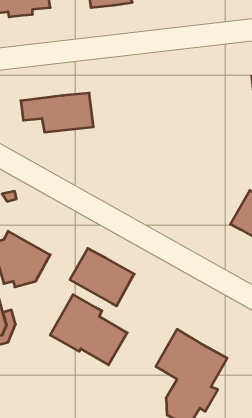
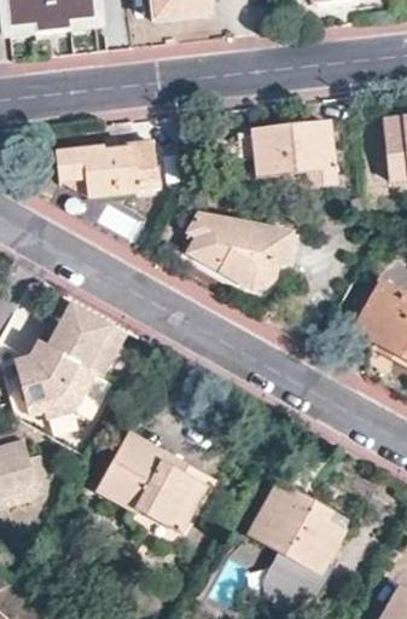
building: none -> [255,122,336,185]
building: none -> [188,214,297,285]
building: [70,248,134,306] -> [36,294,128,376]

